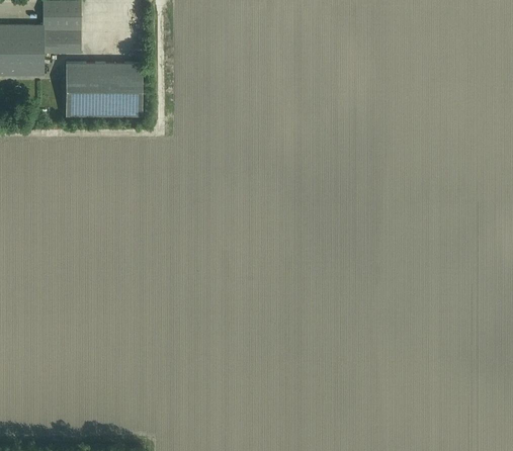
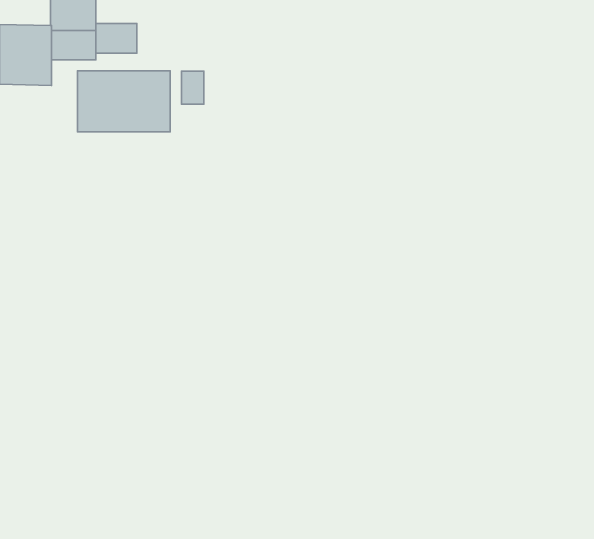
building: none -> [96,23,137,53]
building: none -> [182,71,204,104]

